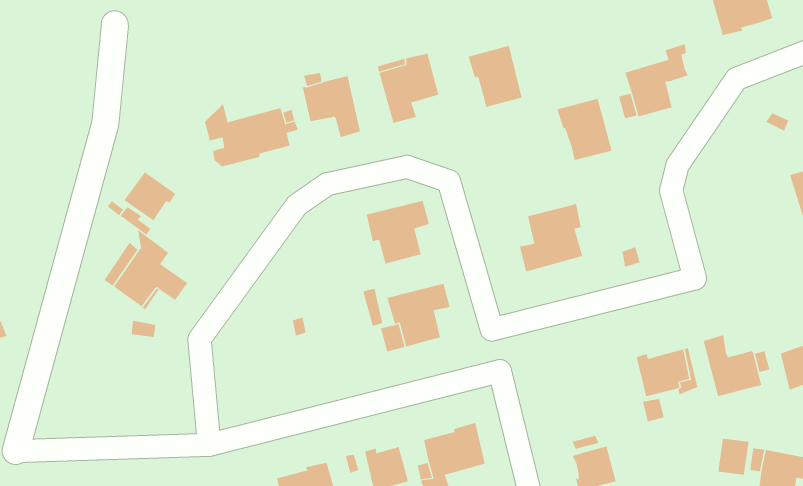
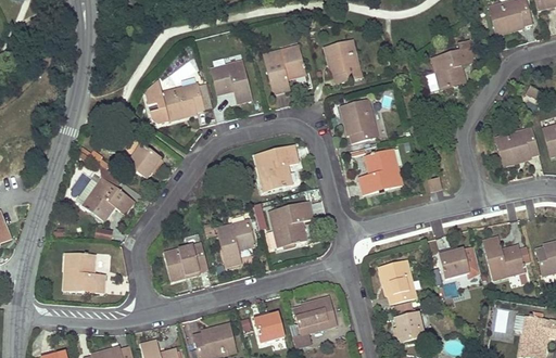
building: [557,98,613,160] -> [340,100,378,142]
building: [124,171,176,221] -> [126,144,162,178]
building: none -> [494,127,538,166]
building: none -> [215,219,253,266]
building: none -> [164,243,206,281]
building: none -> [63,254,104,292]
building: none -> [378,260,416,303]

